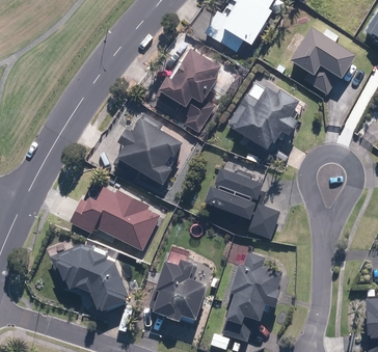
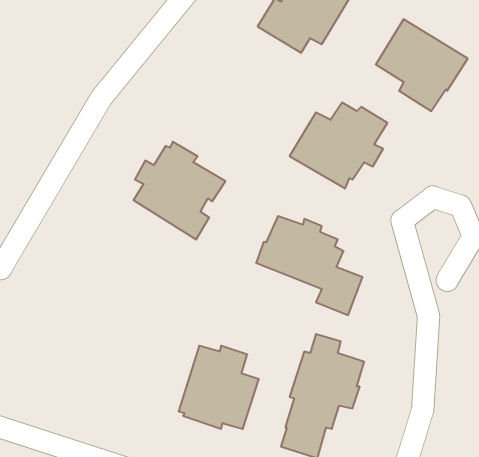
building: [156,49,220,131] -> none
building: [72,187,161,250] -> none
building: [51,244,130,309] -> none

